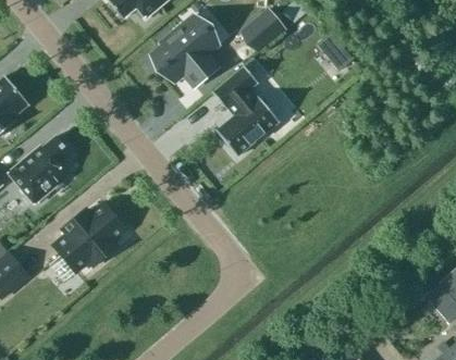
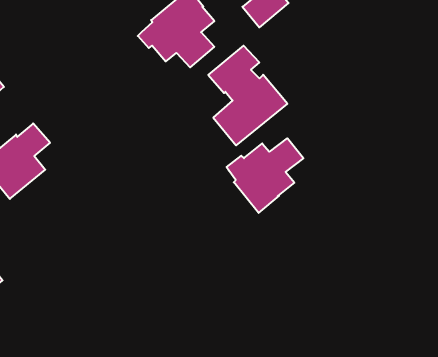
building: none -> [227,138,303,213]
building: [53,203,126,272] -> none

